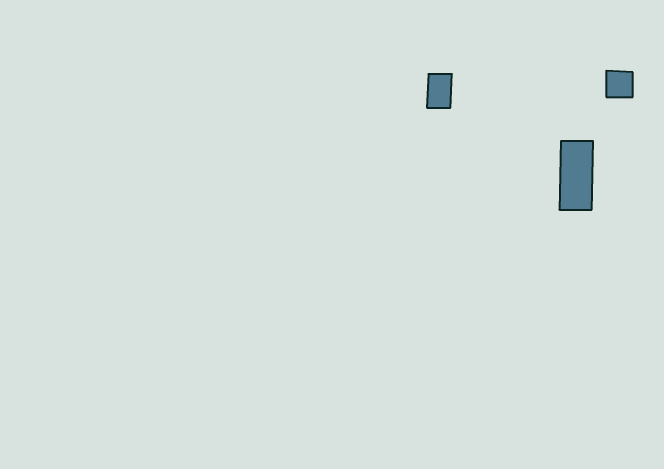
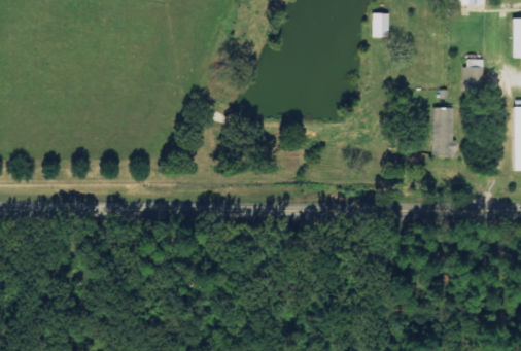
building: [427,74,452,108] -> [372,13,389,37]

